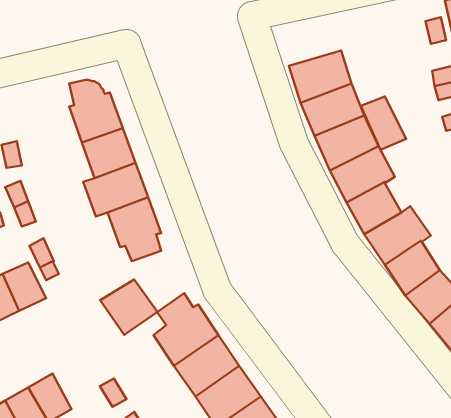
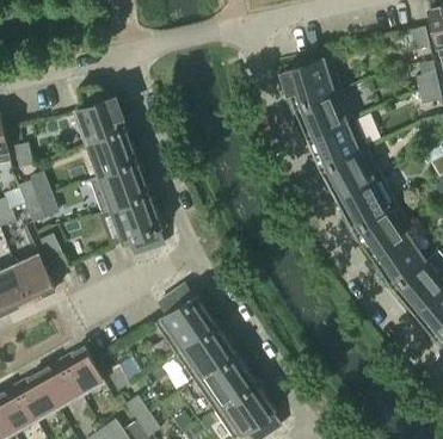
building: [361,96,406,150] -> none
building: [100,280,157,335] -> none
building: none -> [62,346,104,392]

